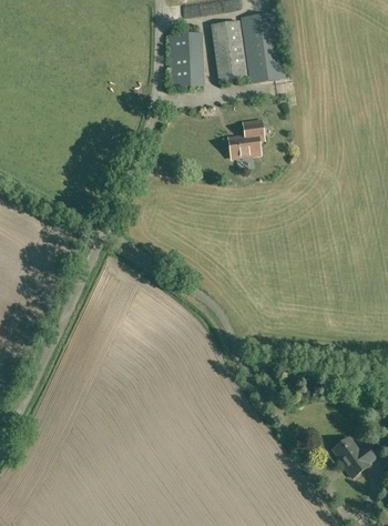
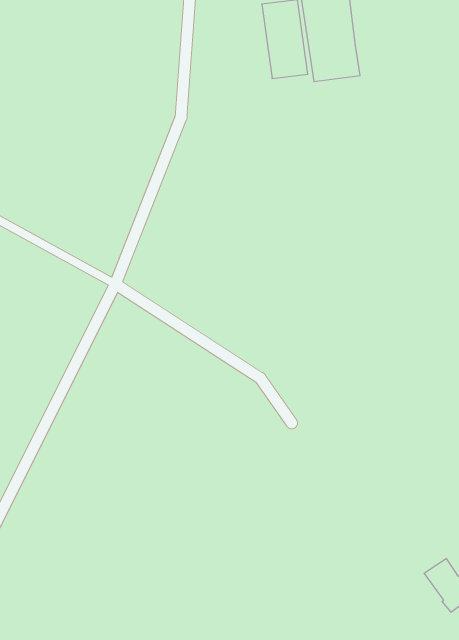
building: [169,33,202,88] -> none
building: [227,120,263,158] -> none

